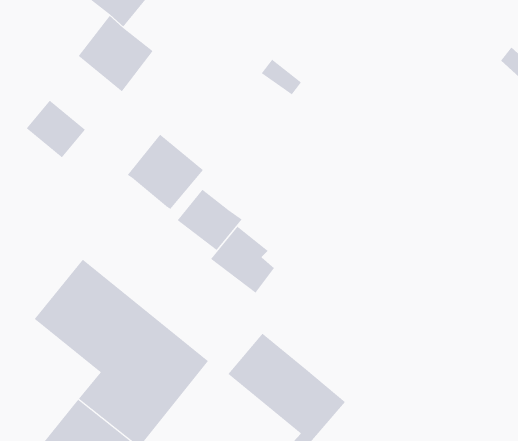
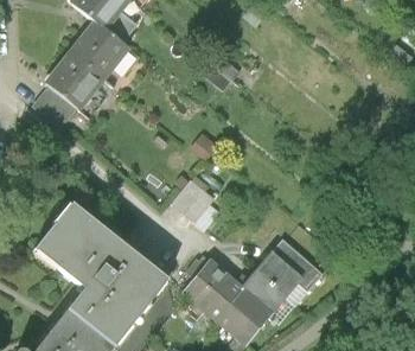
building: [127,134,204,209] -> [45,50,103,107]
building: [177,189,242,251] -> none
building: none -> [242,250,301,311]

